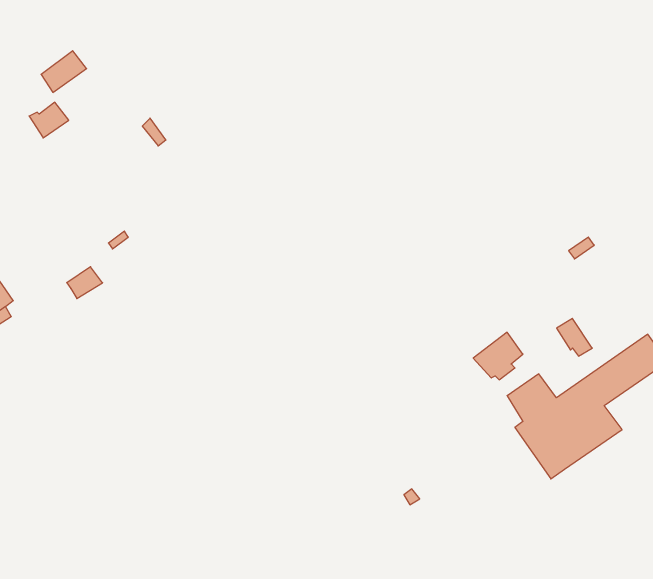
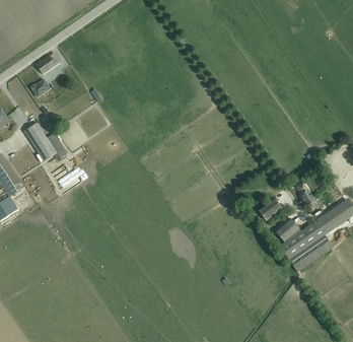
building: none -> [24,122,68,161]

